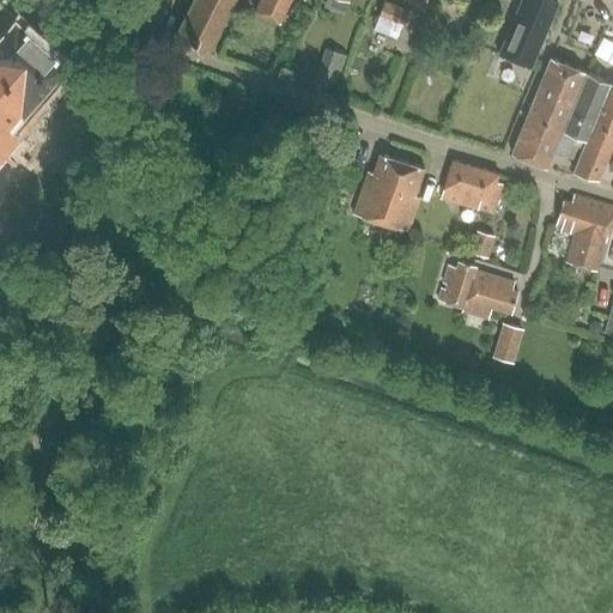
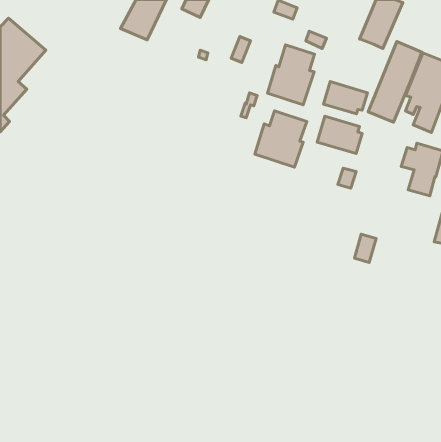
building: none -> [267,45,314,105]
building: none -> [323,81,367,114]
building: [439,263,517,318] -> none

